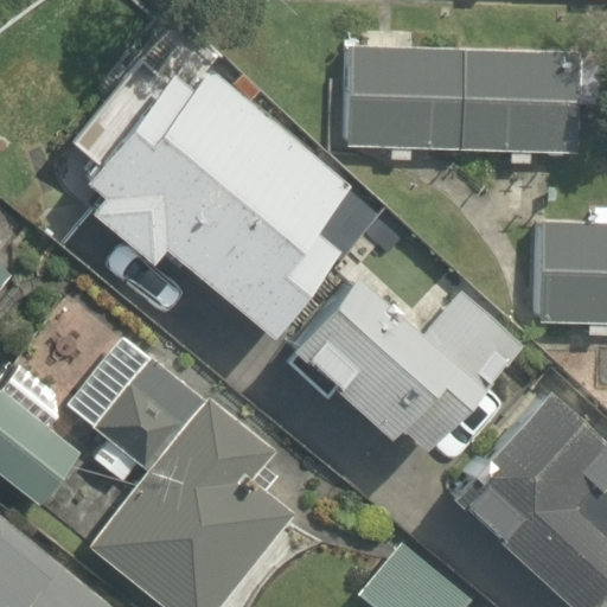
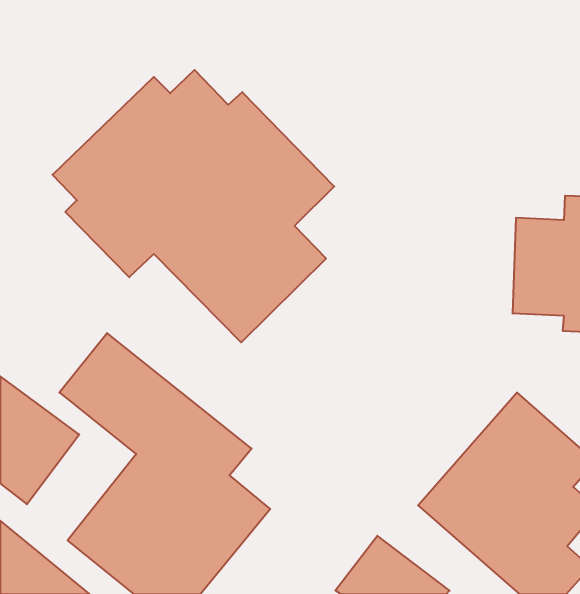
building: [350,44,598,166] -> none
building: [285,266,526,461] -> none

